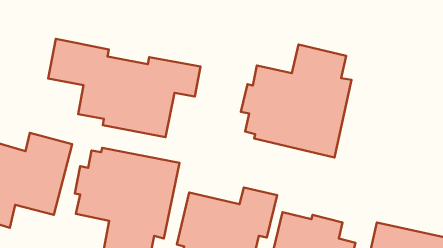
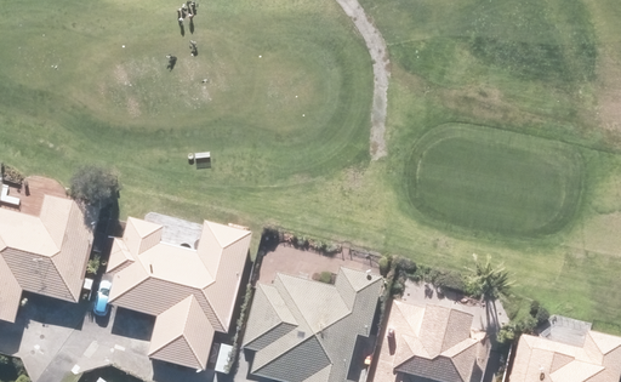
building: [48,39,201,137] -> none
building: [241,45,351,158] -> none

